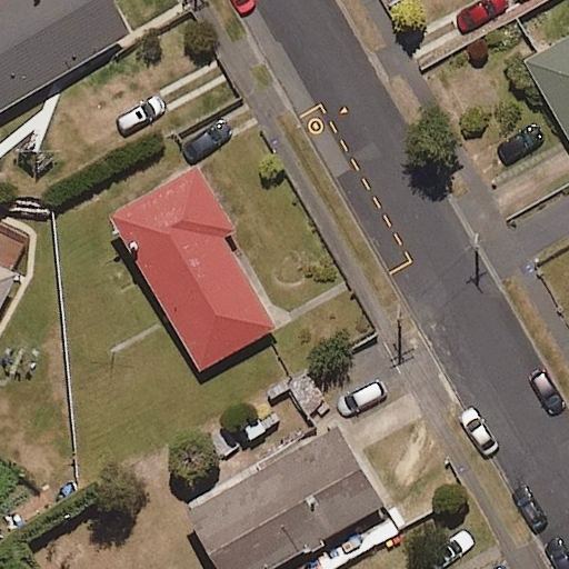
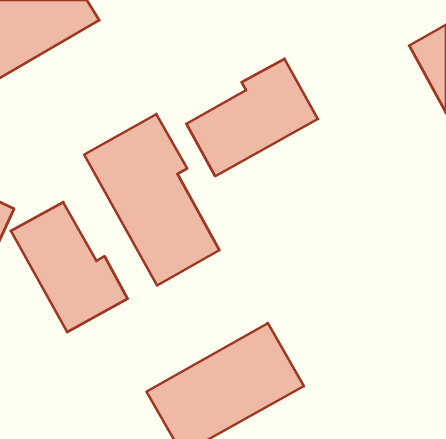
building: none -> [186,59,318,176]
building: none -> [11,202,128,332]

